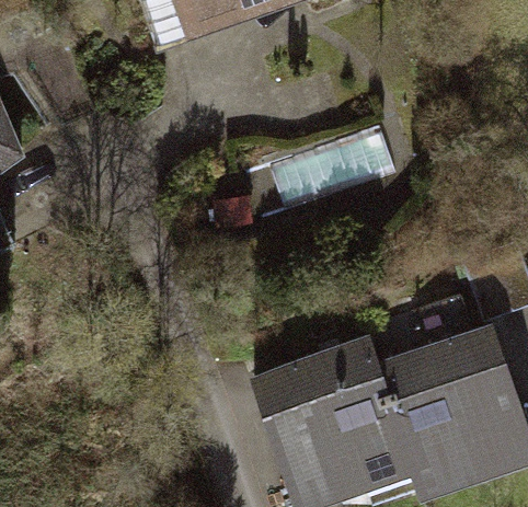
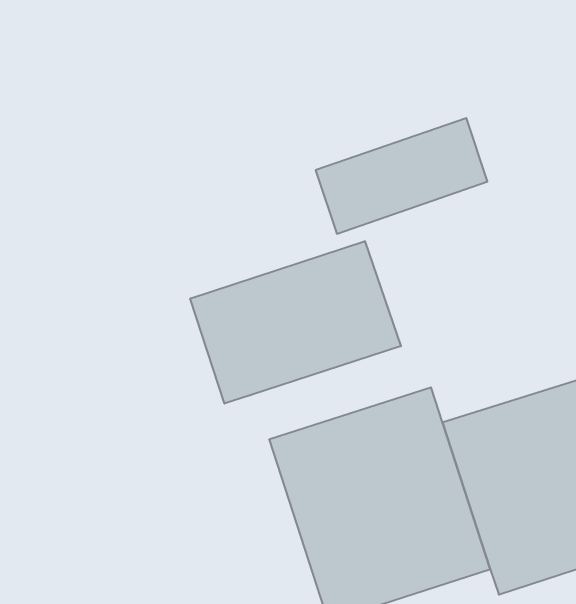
building: none -> [190,241,401,404]

